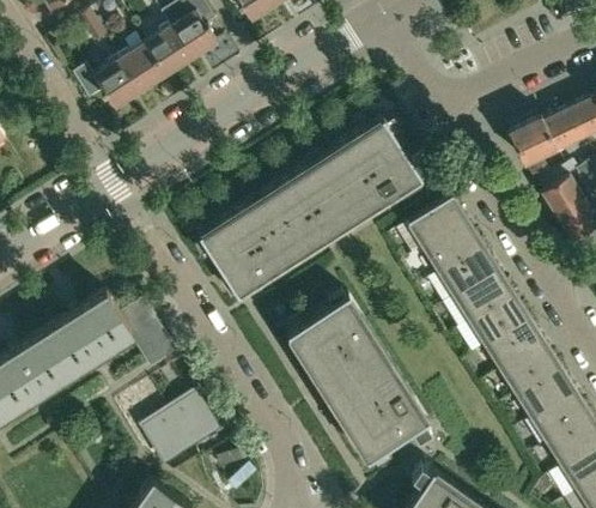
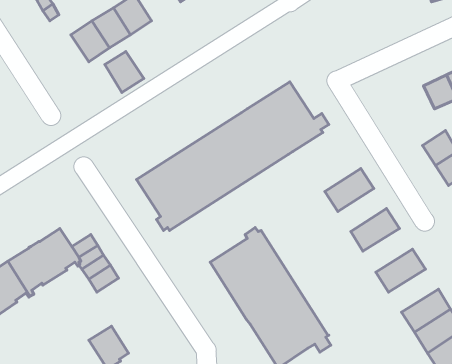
building: [93,61,140,110] -> [105,52,144,92]
building: [507,117,557,186] -> none
building: [407,196,467,249] -> none
building: [439,246,498,297] -> none
building: [469,294,529,346] -> none
building: [500,343,560,394] -> none
building: [168,393,217,443] -> none

